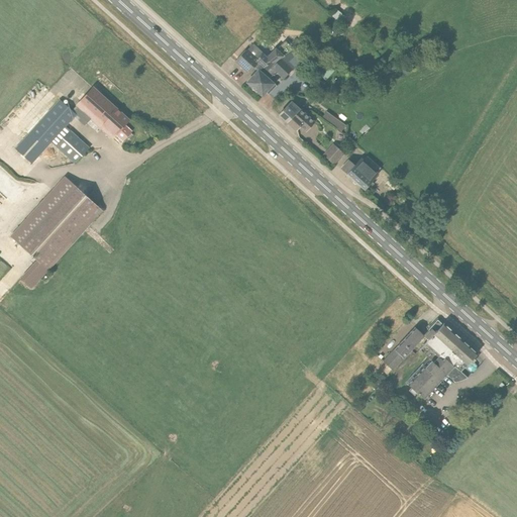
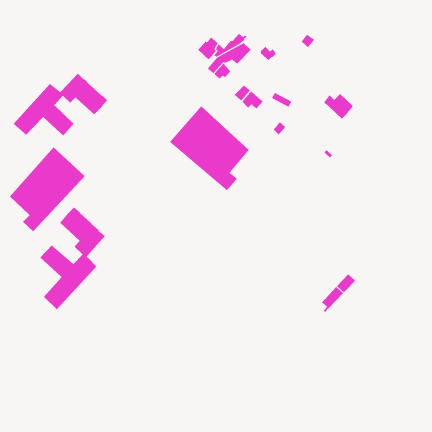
building: none -> [169,105,250,191]
building: [342,158,379,189] -> [323,93,354,119]
building: none -> [39,206,106,310]
building: [407,318,479,398] -> none

